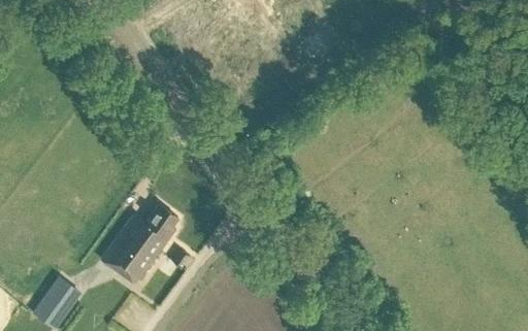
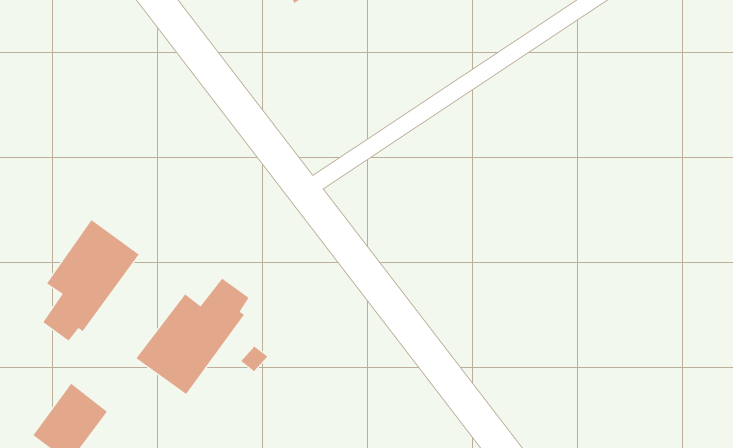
building: none -> [42,219,139,342]

